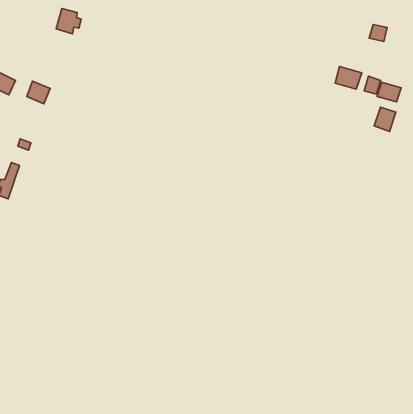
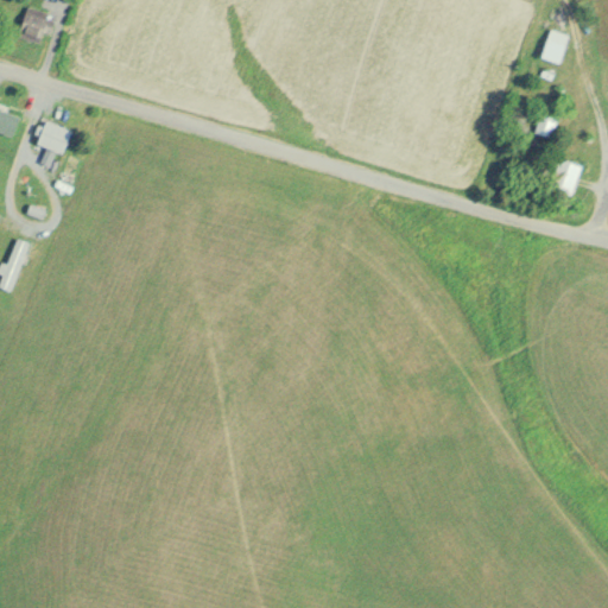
building: [56,9,81,34] -> [18,7,55,44]
building: [335,67,362,89] -> none
building: [377,82,401,102] -> none

